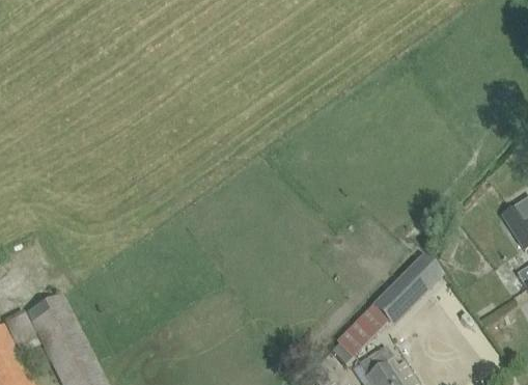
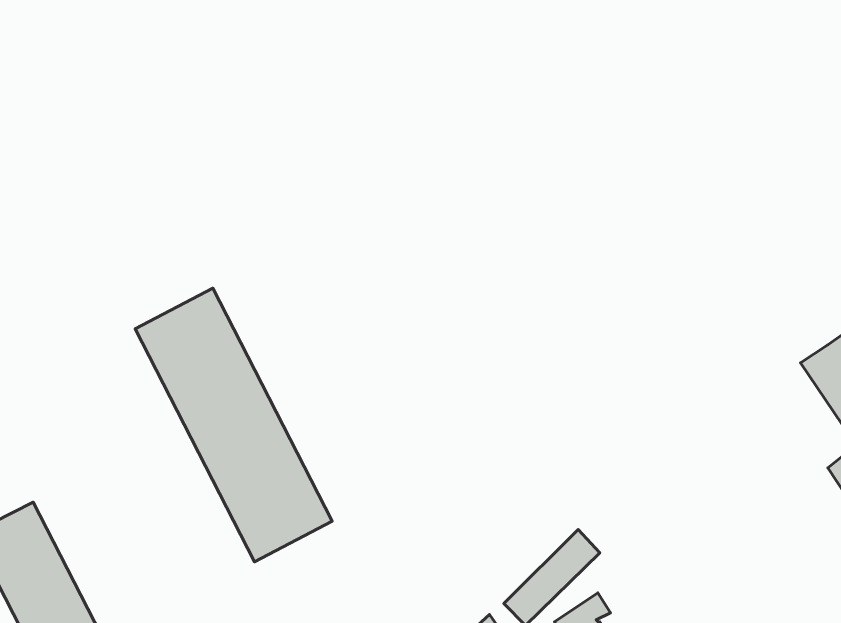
building: none -> [135,288,332,562]
building: [376,257,441,322] -> none

